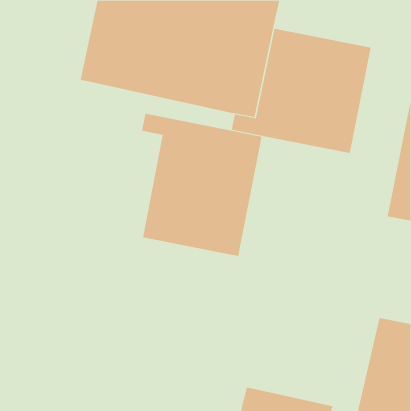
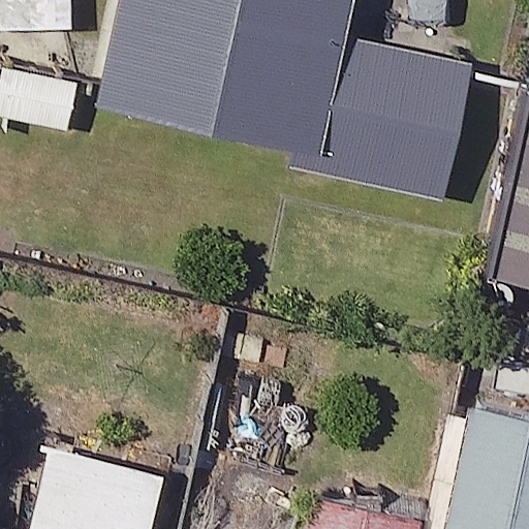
building: [142,113,262,257] -> none

